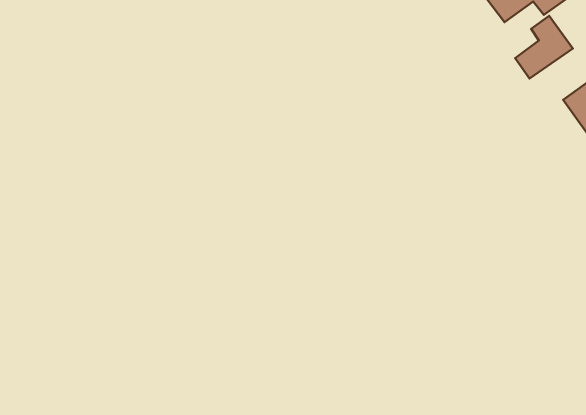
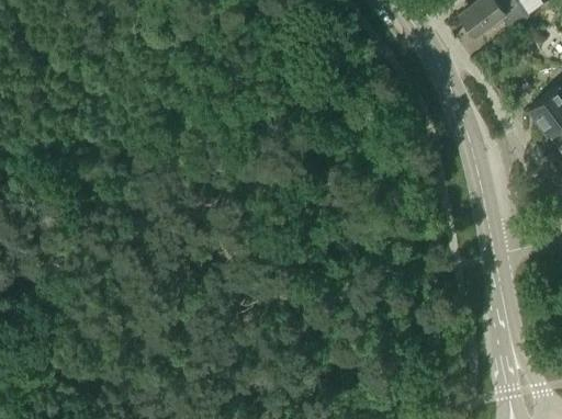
building: [515,16,573,78] -> none

